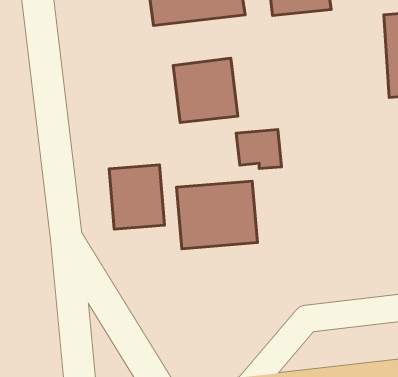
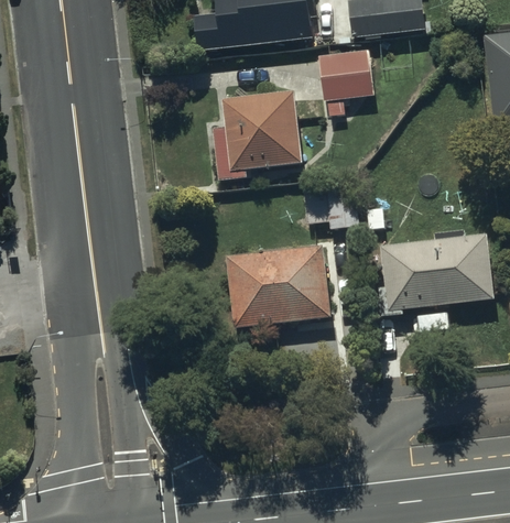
building: none -> [317,50,375,113]
building: [109,165,165,229] -> none
building: none -> [382,235,495,308]

